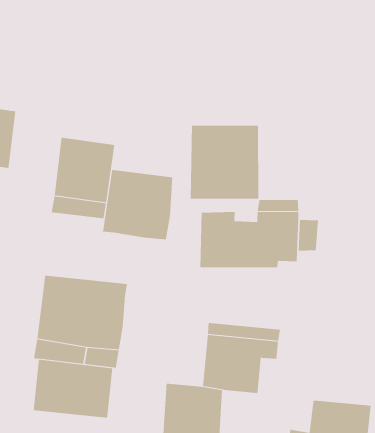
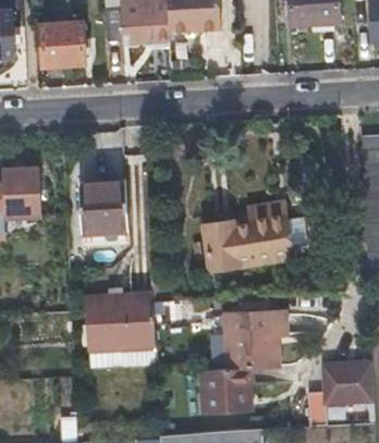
building: [190,125,259,200] -> none
building: [103,169,173,240] -> none
building: [33,359,113,419] -> none

